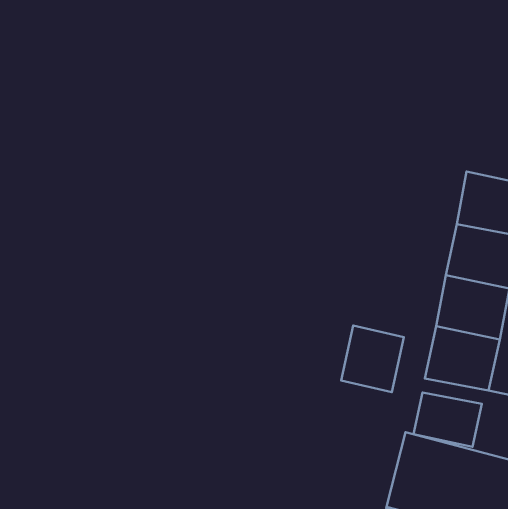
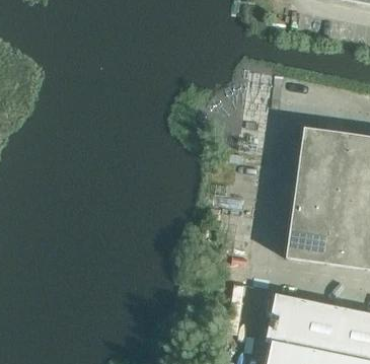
building: [341,325,404,392] -> none
building: [414,393,482,447] -> none

